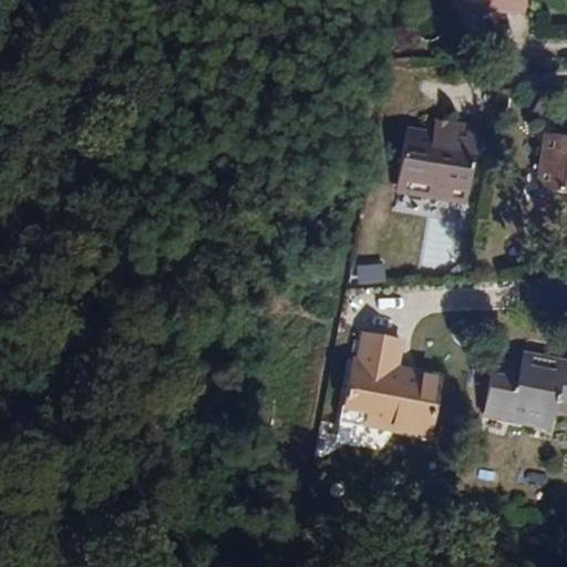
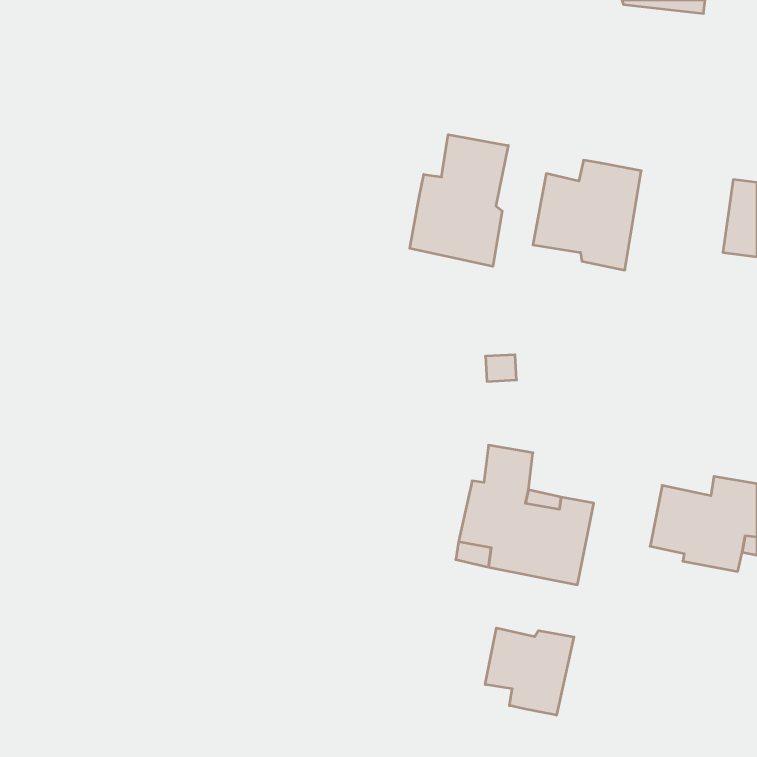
building: none -> [410,135,508,266]
building: none -> [485,628,574,715]

